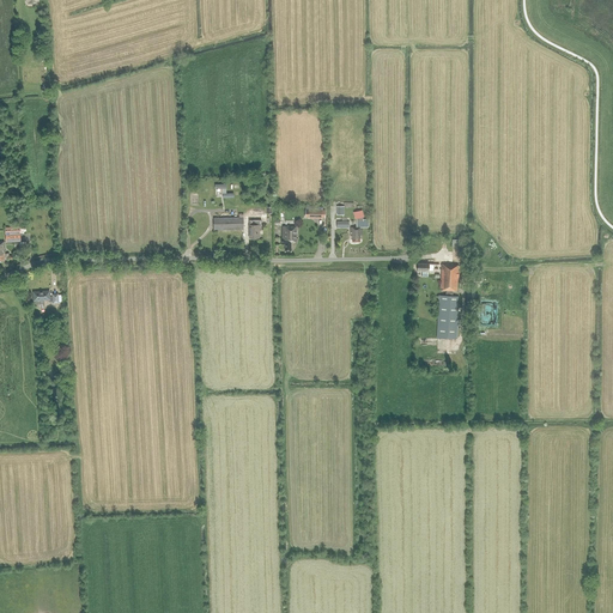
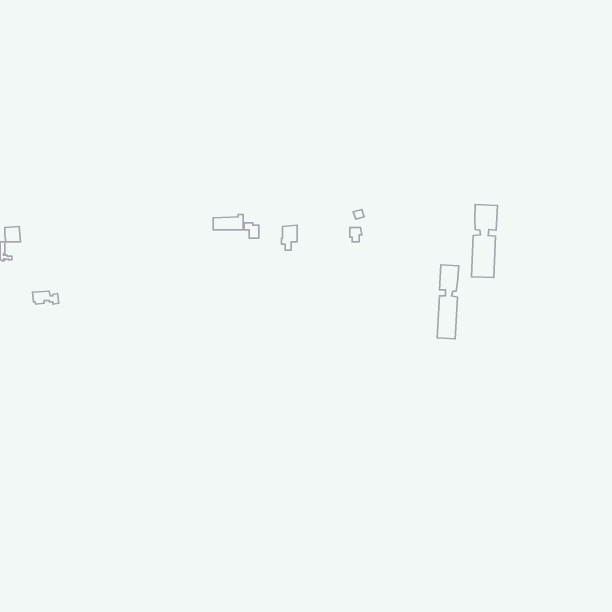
building: none -> [471,205,497,278]

